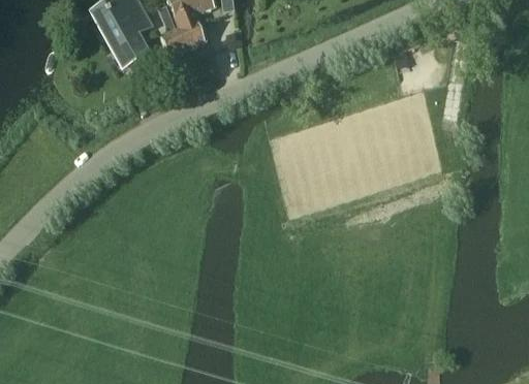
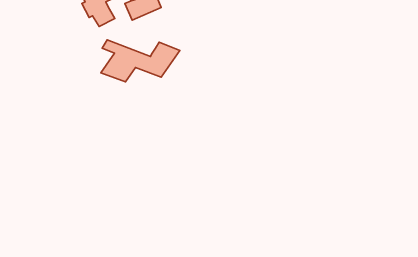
building: none -> [101,40,180,82]

